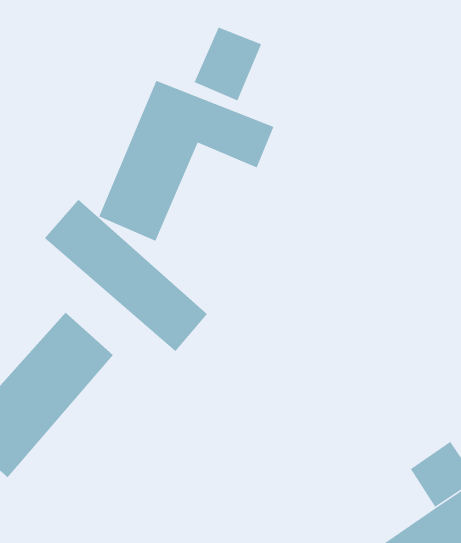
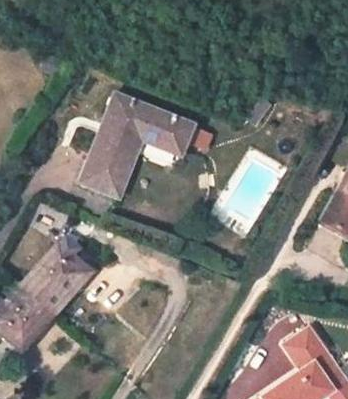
building: [194,26,262,102] -> none
building: [44,199,208,352] -> none

